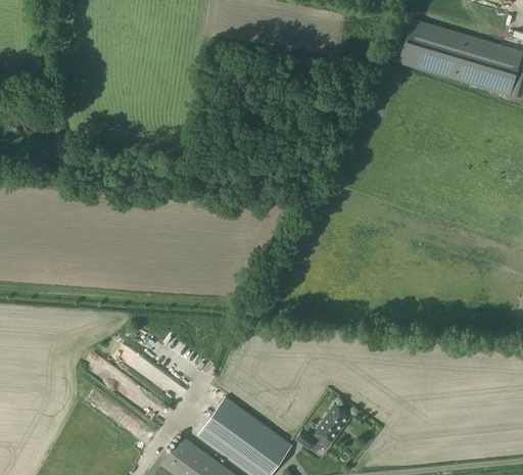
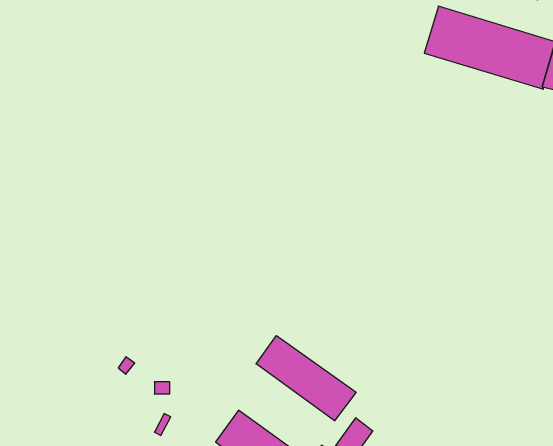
building: none -> [256,336,356,421]

